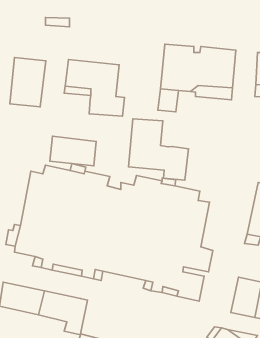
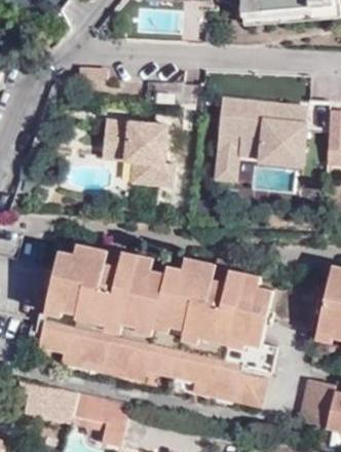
building: [10,57,46,107] -> none
building: [128,119,189,180] -> none
building: [50,136,96,166] -> none

